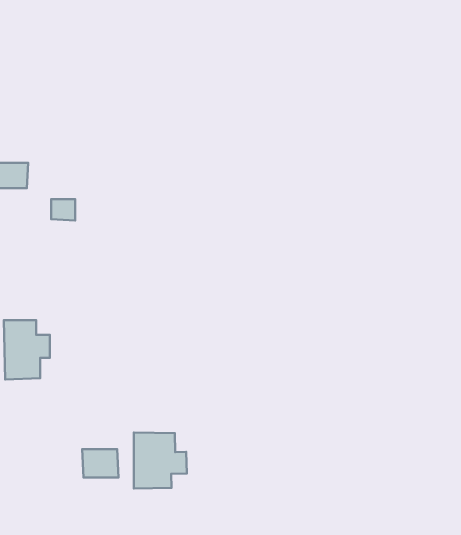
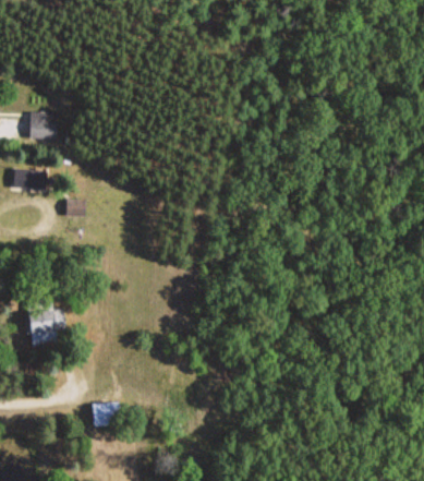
building: none -> [31,111,60,139]
building: [134,433,187,489] -> none

